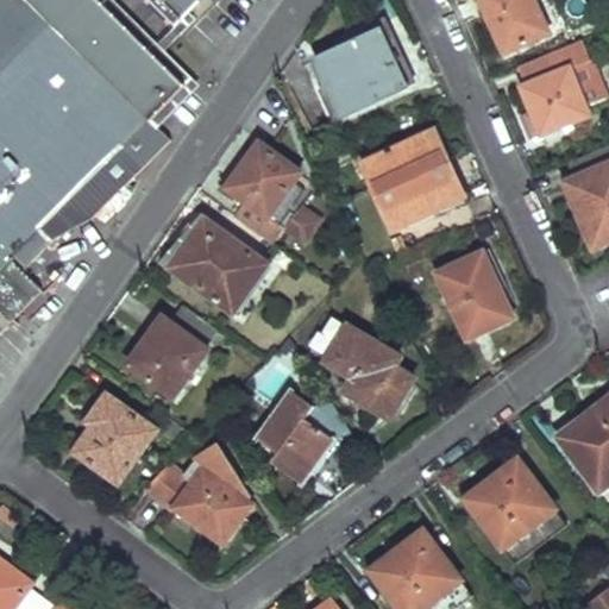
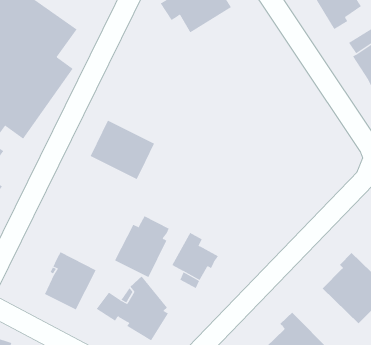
building: [362,130,465,227] -> none
building: [227,143,320,244] -> none
building: [435,252,509,338] -> none
building: [126,306,212,395] -> [114,216,170,278]
building: [312,314,412,417] -> none

